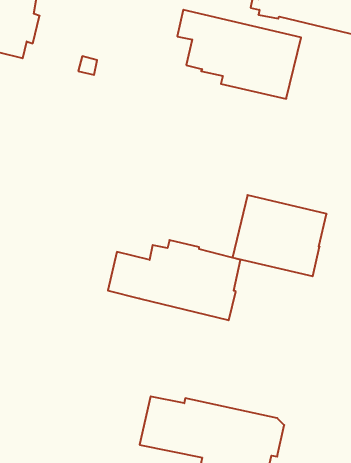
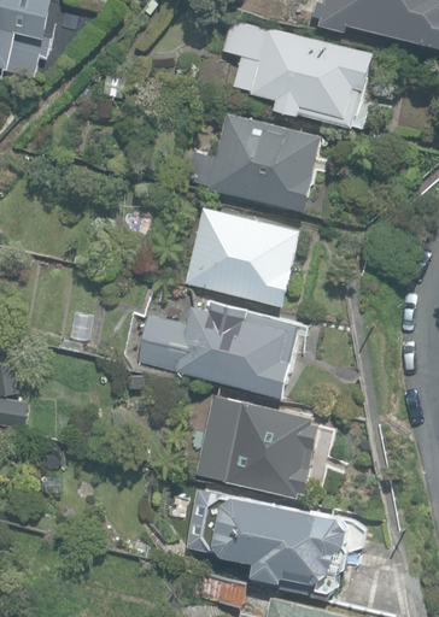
building: none -> [186,116,321,212]
building: [233,195,327,276] -> [185,206,299,305]
building: none -> [203,396,320,496]

